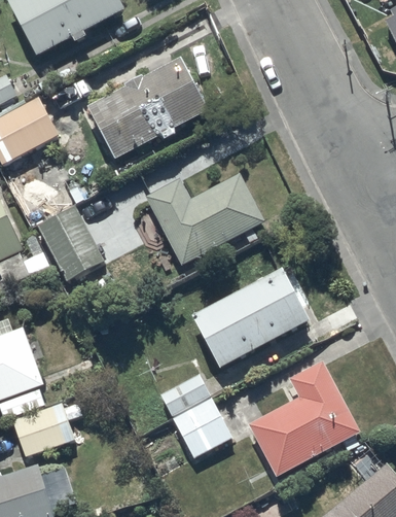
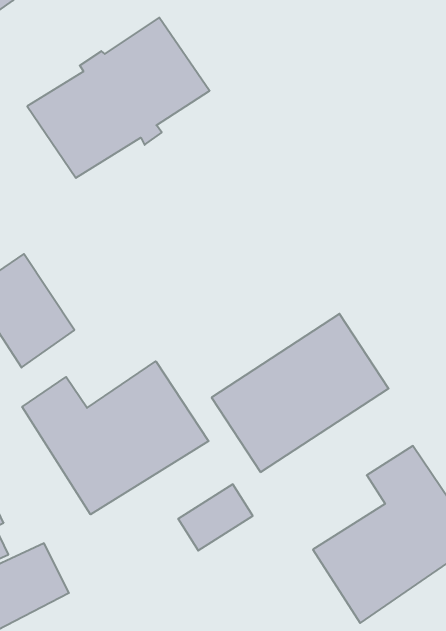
building: [147,173,264,266] -> none
building: none -> [22,361,209,514]
building: [173,399,233,458] -> none

